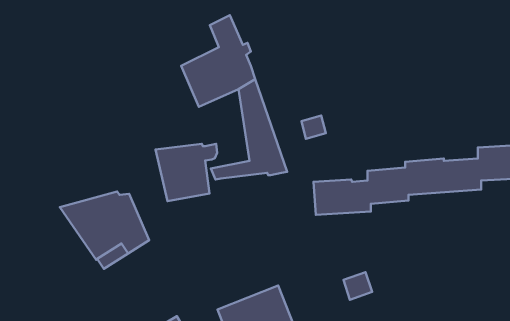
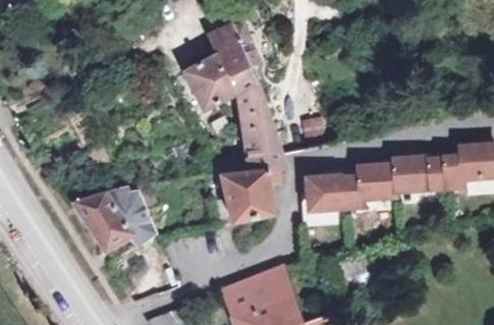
building: [155,144,217,201] -> [222,168,279,221]

